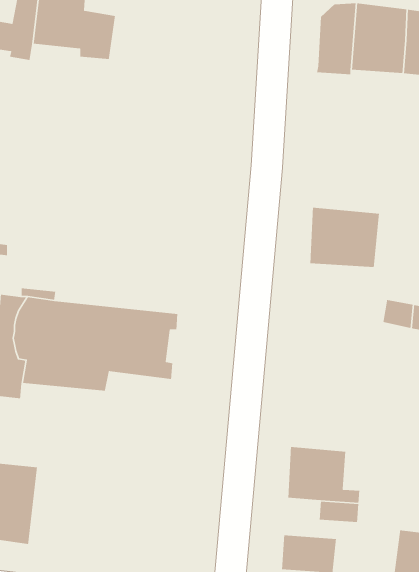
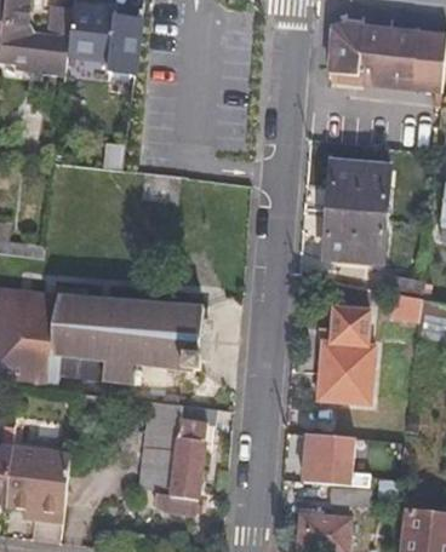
building: none -> [326,165,393,214]
building: none -> [318,303,377,403]
building: none -> [131,398,212,512]

